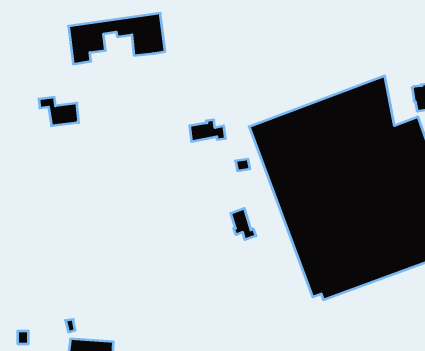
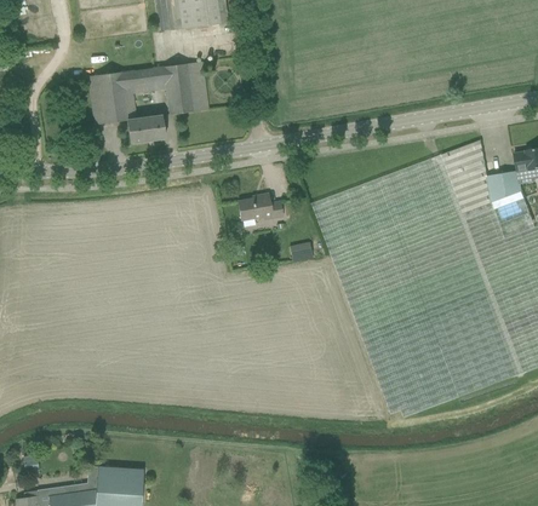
building: [39,97,79,126] -> [114,108,164,143]
building: none -> [487,171,521,201]
building: [231,208,256,240] -> none

